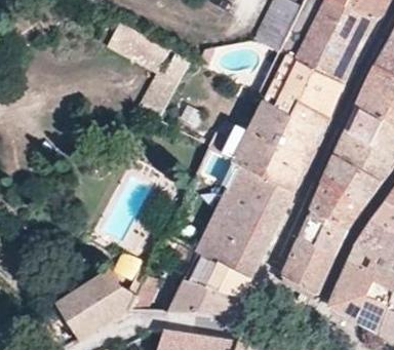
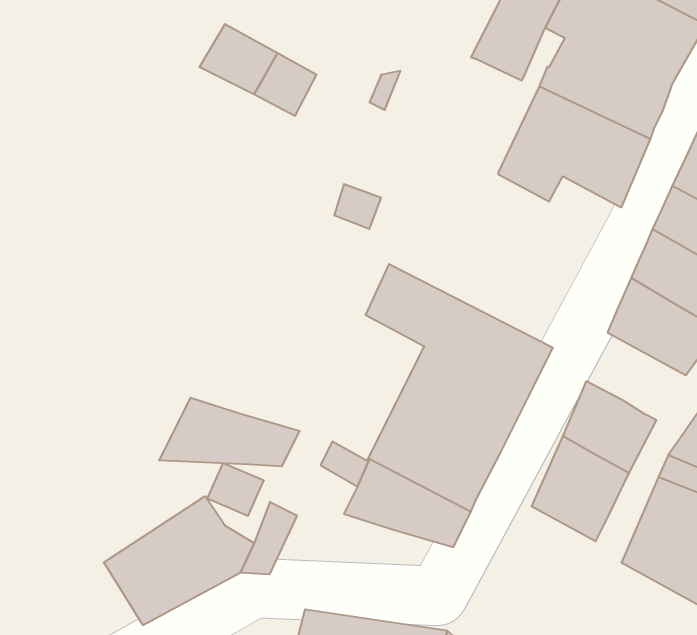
building: [207,102,329,193] -> none
building: [311,185,363,231] -> none
building: [167,280,241,316] -> [159,398,300,466]

